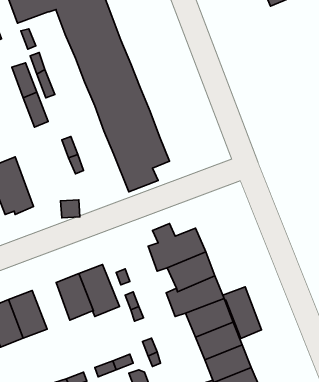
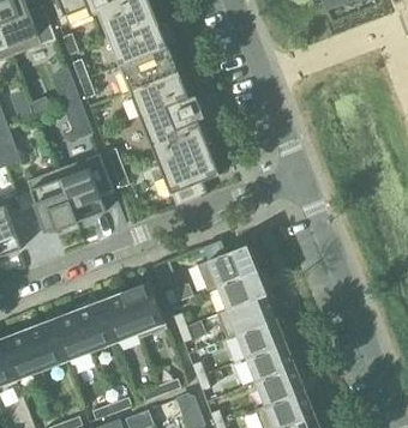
building: none -> [56,158,106,222]
building: none -> [74,302,114,351]
building: [223,287,262,338] -> none

